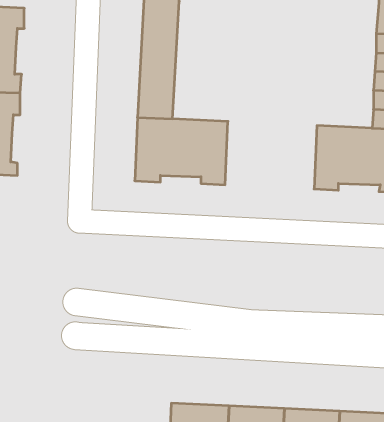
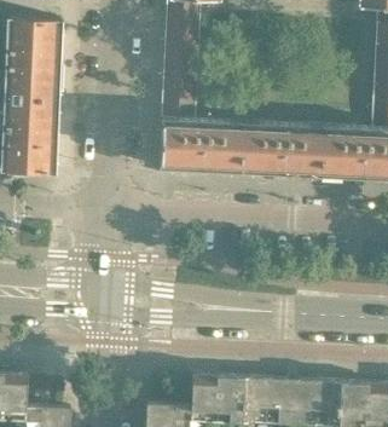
building: none -> [242,125,324,185]

